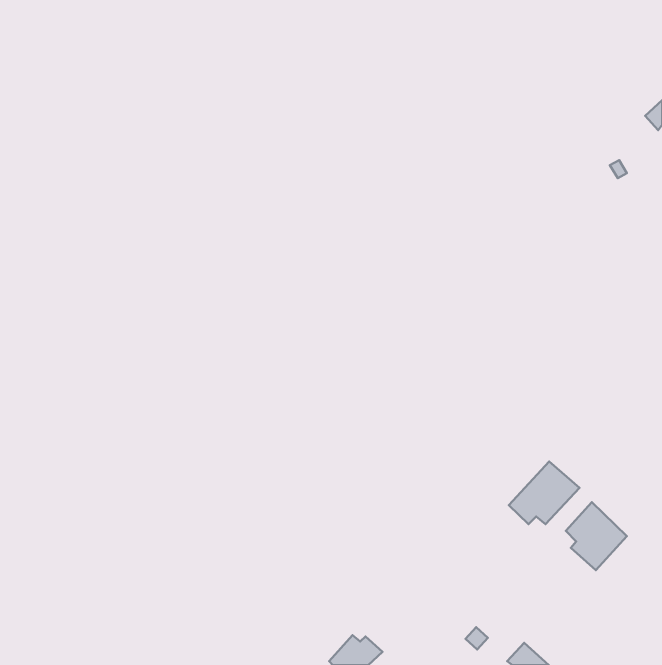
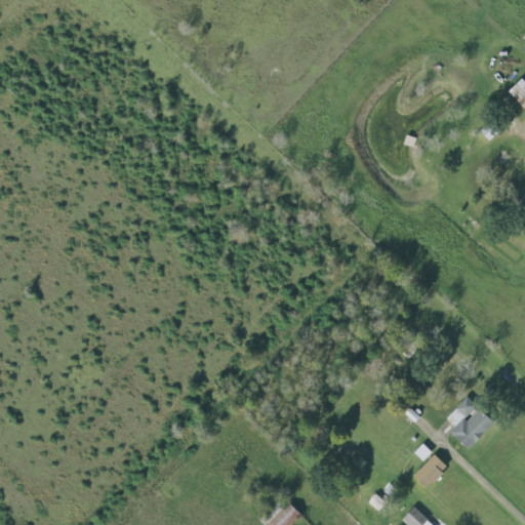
building: [509,461,580,524] -> none
building: none -> [413,454,448,488]

